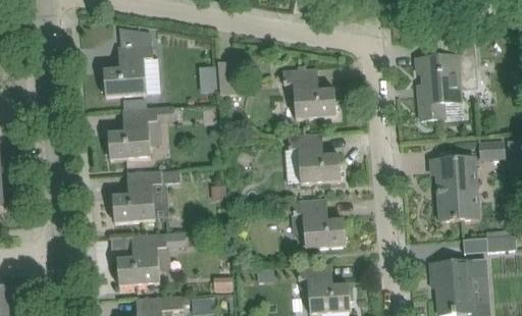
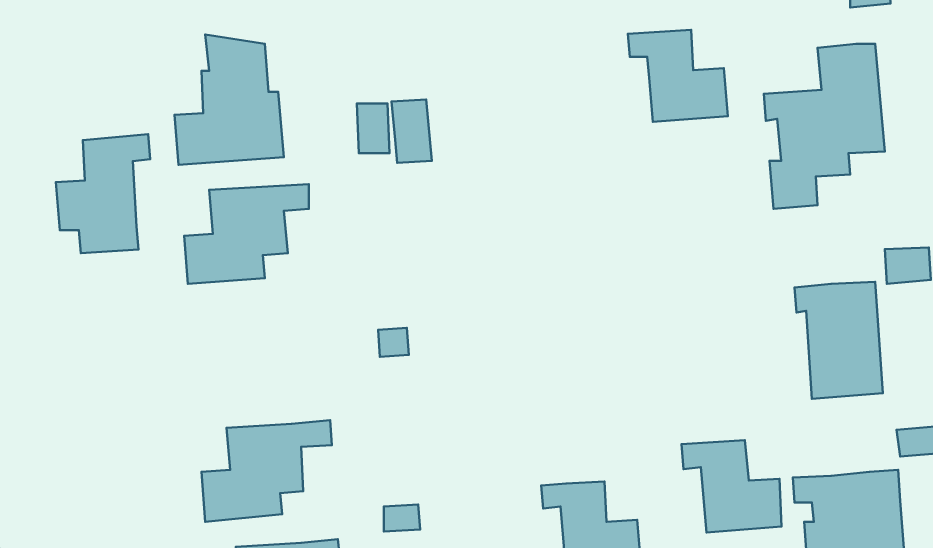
building: [282,68,335,117] -> [628,30,728,122]
building: [286,134,340,183] -> none
building: [111,170,161,233] -> [56,134,150,253]
building: [292,199,345,248] -> [682,440,781,532]

